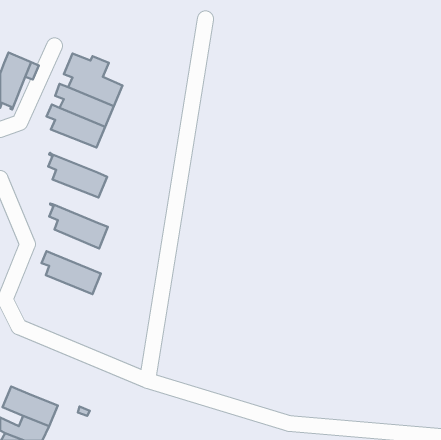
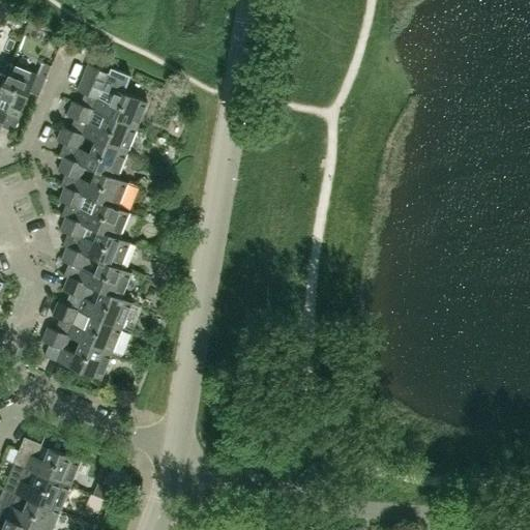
building: none -> [57,155,127,208]
building: none -> [58,214,129,269]
building: none -> [60,275,131,329]
building: none -> [39,327,111,381]
building: none -> [13,432,81,488]

